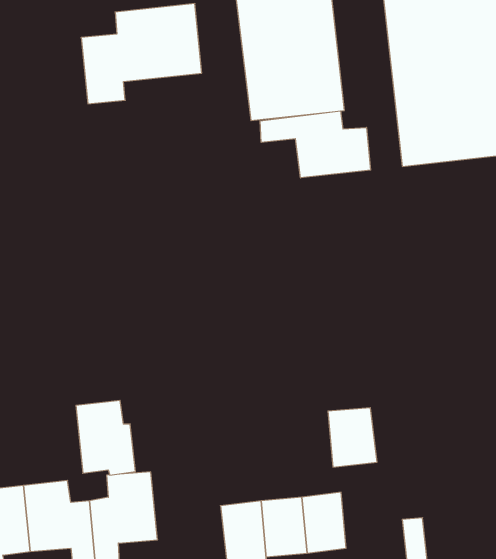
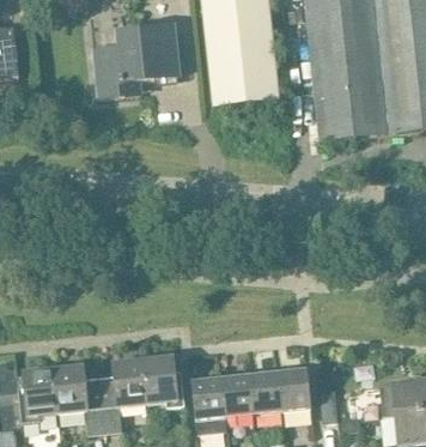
building: [260,111,371,178] -> none
building: [76,400,135,475] -> [144,352,185,405]
building: [328,408,377,467] -> [278,368,312,410]

